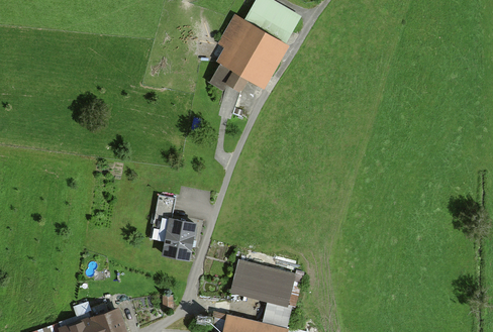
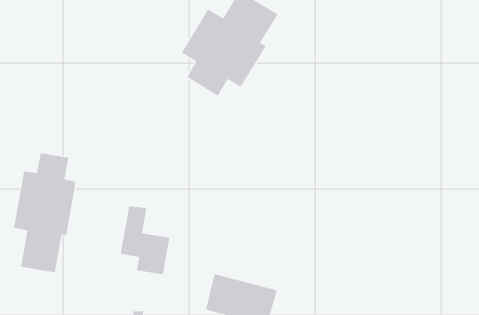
building: none -> [14,153,76,273]

